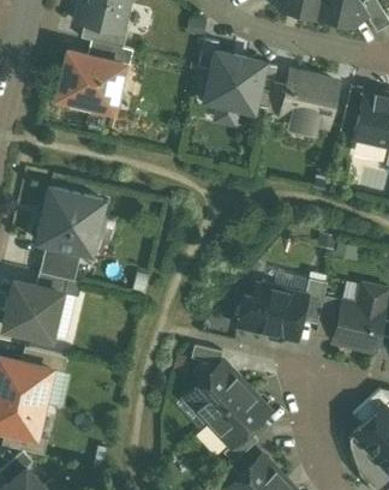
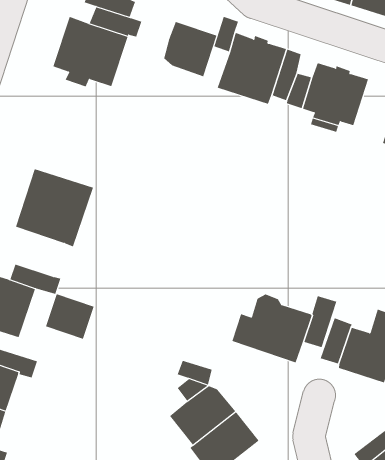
building: none -> [163,21,217,77]
building: [40,244,82,282] -> [45,293,94,339]

